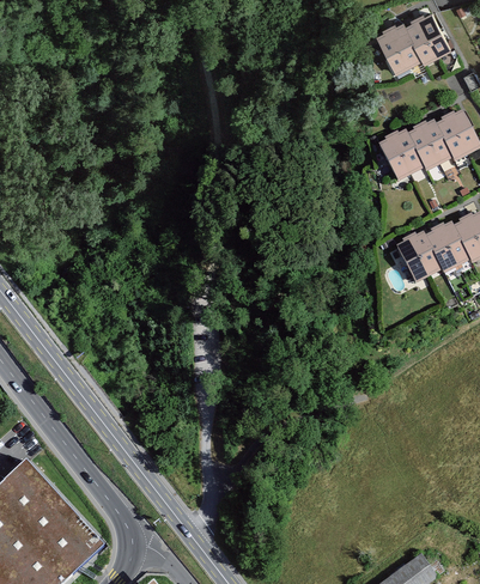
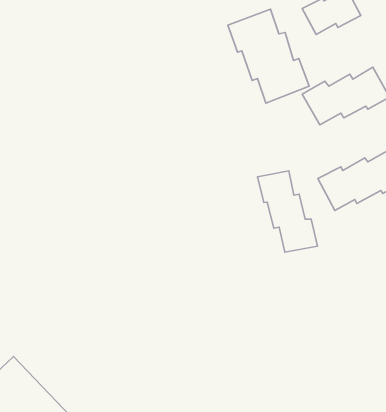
building: none -> [228,9,309,103]
building: none -> [257,171,317,252]

